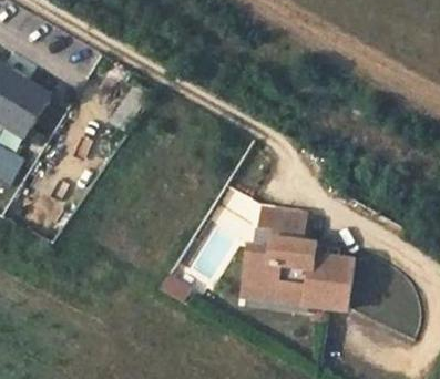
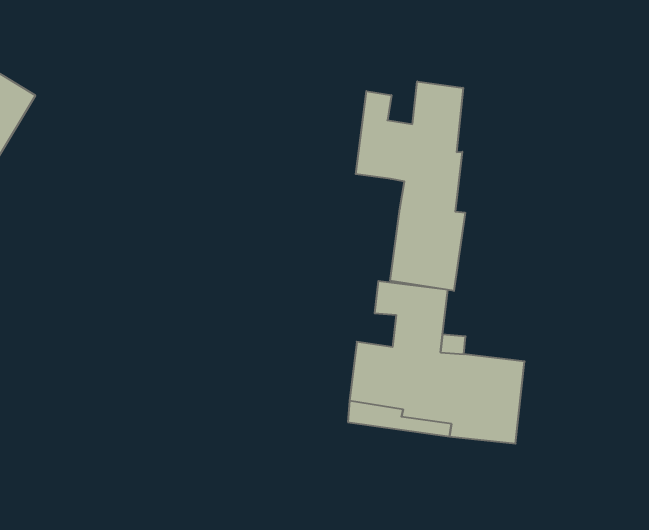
building: none -> [356,81,465,291]

